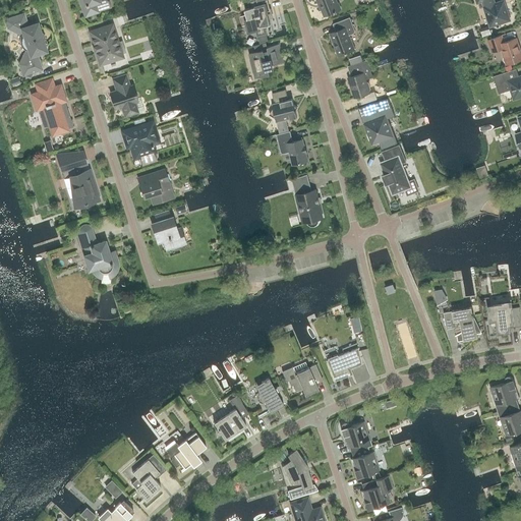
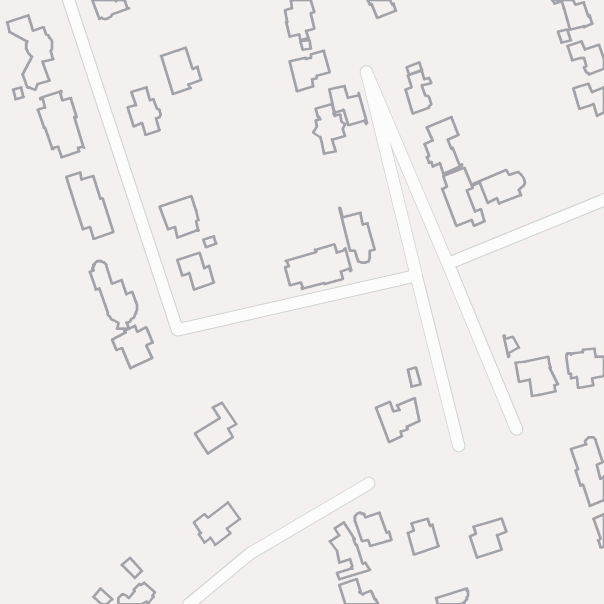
building: [331,17,355,56] -> none
building: [91,24,125,64] -> [161,48,201,94]
building: [123,123,159,165] -> none
building: [277,131,309,165] -> [329,86,367,125]
building: none -> [471,170,525,204]
building: none -> [285,244,351,289]
building: none -> [112,326,153,368]
building: [282,363,322,395] -> none
building: [257,379,284,412] -> none
building: [214,396,249,440] -> [195,403,236,454]
building: [341,422,372,451] -> [355,513,391,546]
building: [131,459,161,501] -> none
building: [361,476,393,510] -> [470,519,506,558]

